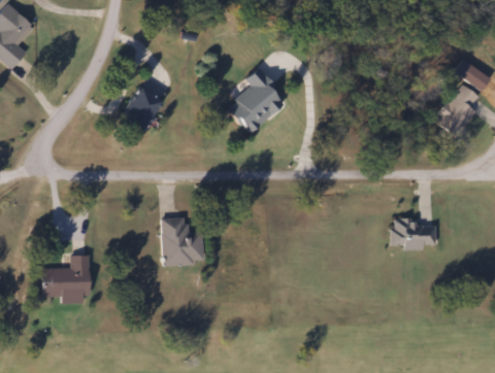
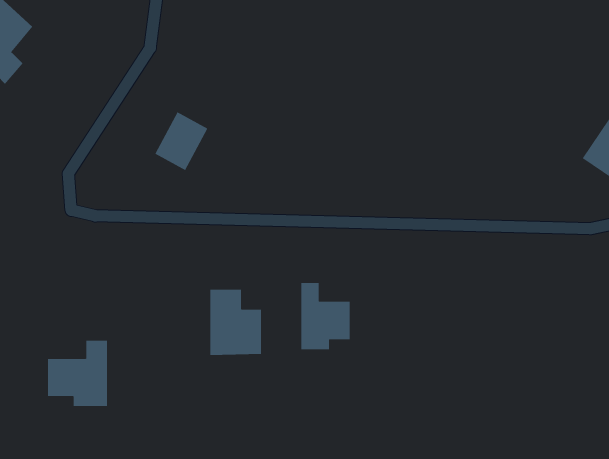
building: [226,70,285,134] -> none
building: none -> [301,282,350,350]
building: [393,218,435,249] -> none

